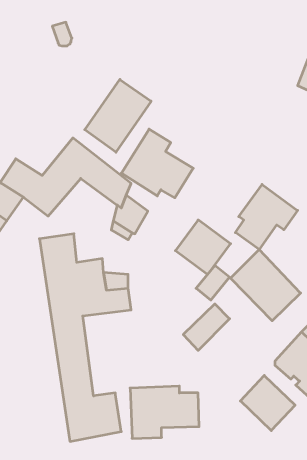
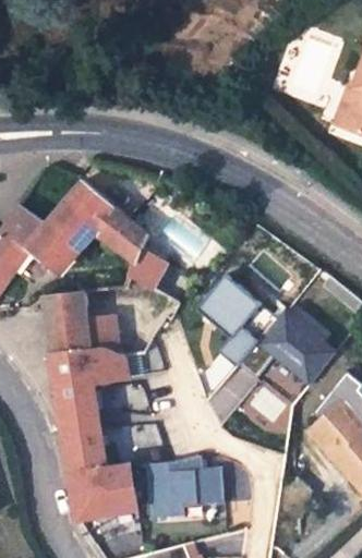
building: [85,79,151,152] -> none
building: [121,129,193,198] -> none
building: [235,184,298,250] -> none
building: [240,375,295,431] -> none

